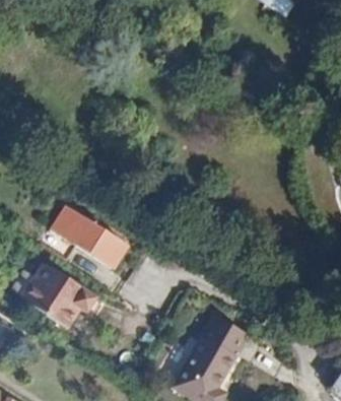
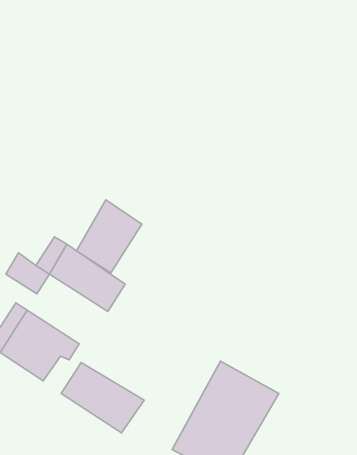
building: none -> [77,200,142,273]
building: none -> [61,362,144,433]

